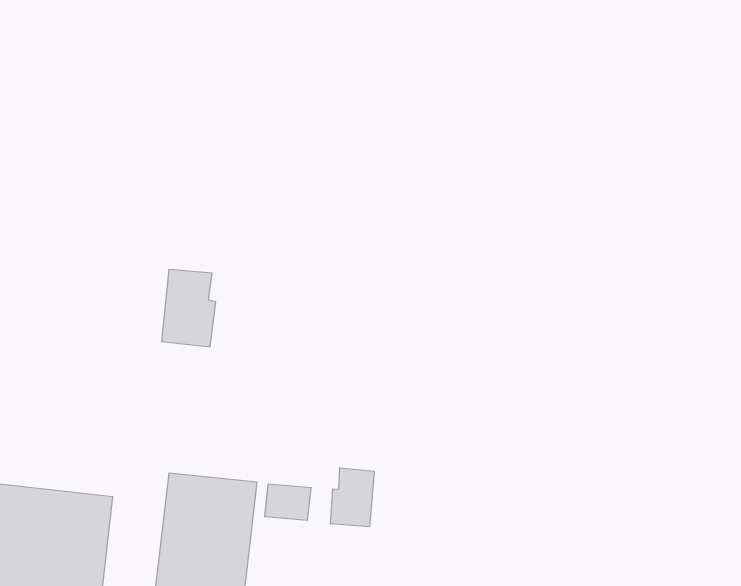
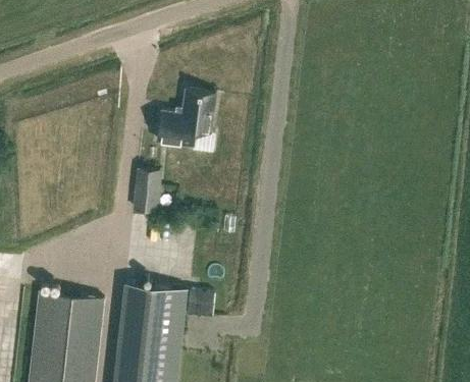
building: none -> [155,92,214,149]
building: [331,468,374,527] -> none

